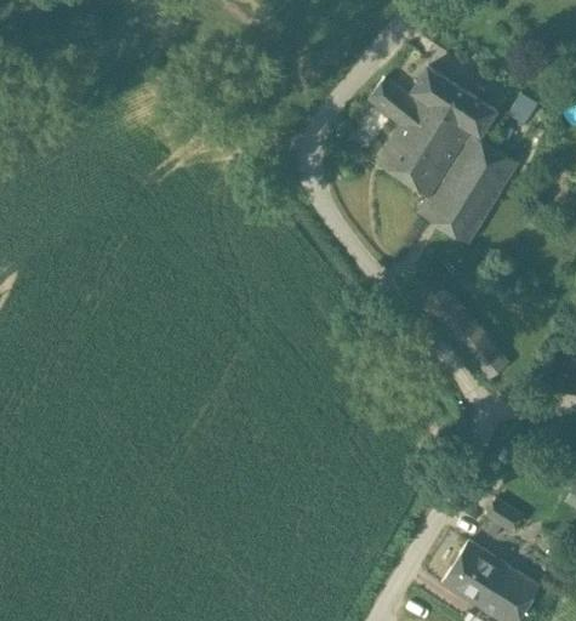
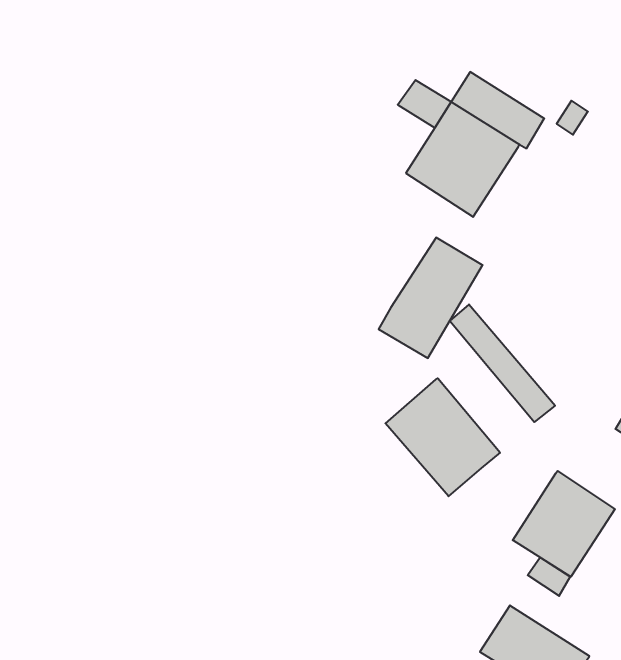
building: [424,136,517,243] -> [379,238,483,358]
building: none -> [385,378,500,496]
building: none -> [513,471,615,577]

